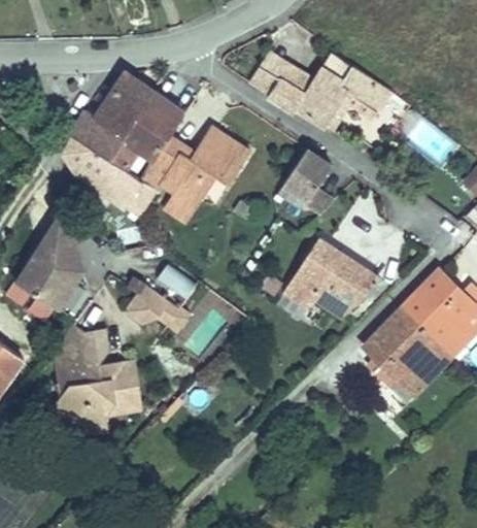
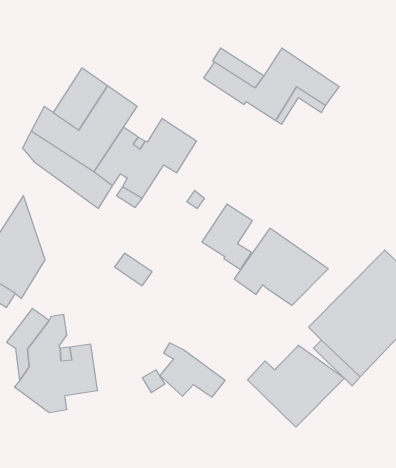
building: [283,148,336,217] -> [202,204,252,269]
building: [124,277,192,334] -> [160,343,225,397]
building: none -> [247,345,344,427]

